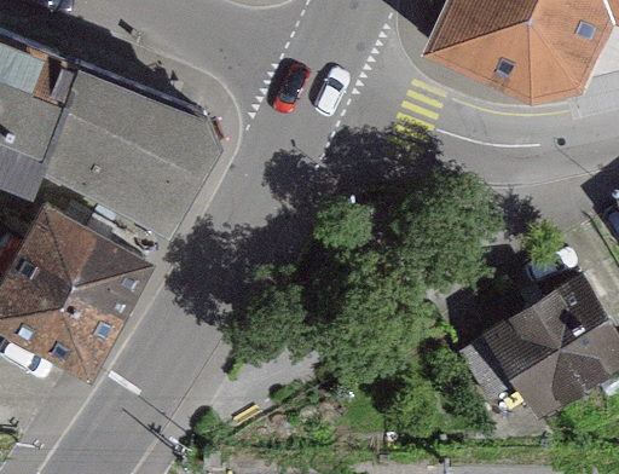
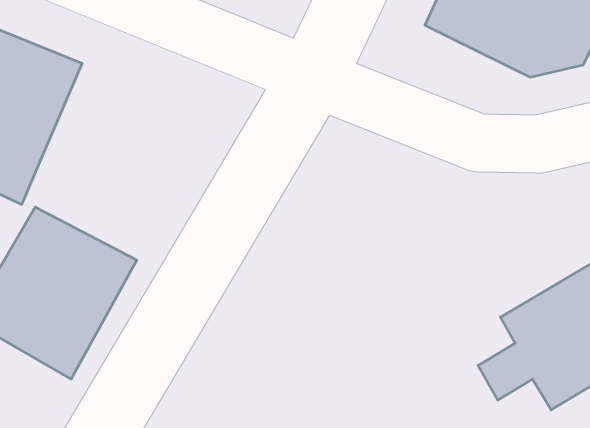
building: [45,71,220,235] -> none

